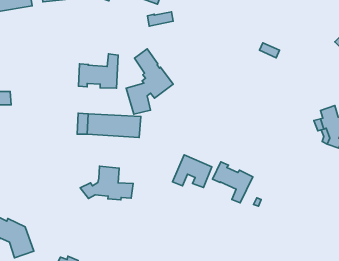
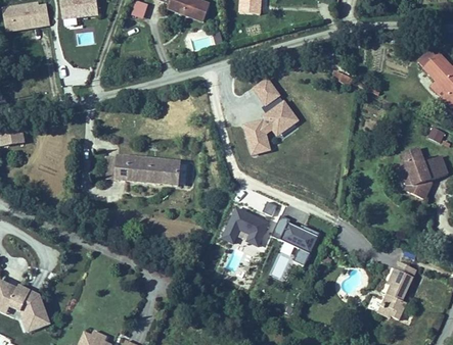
building: [126,49,173,114] -> [241,77,299,156]
building: [78,54,118,88] -> none
building: [80,166,133,200] -> none
building: none -> [374,260,415,318]

